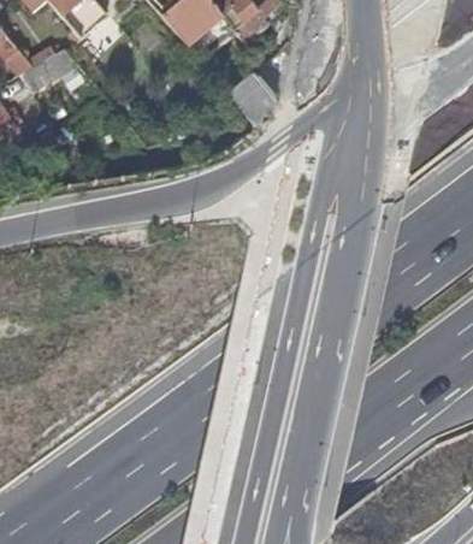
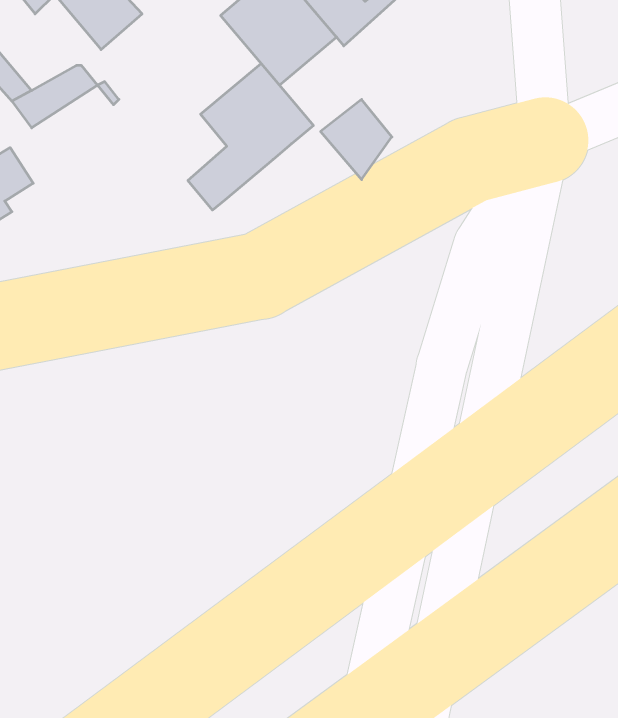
building: none -> [188,64,313,210]

